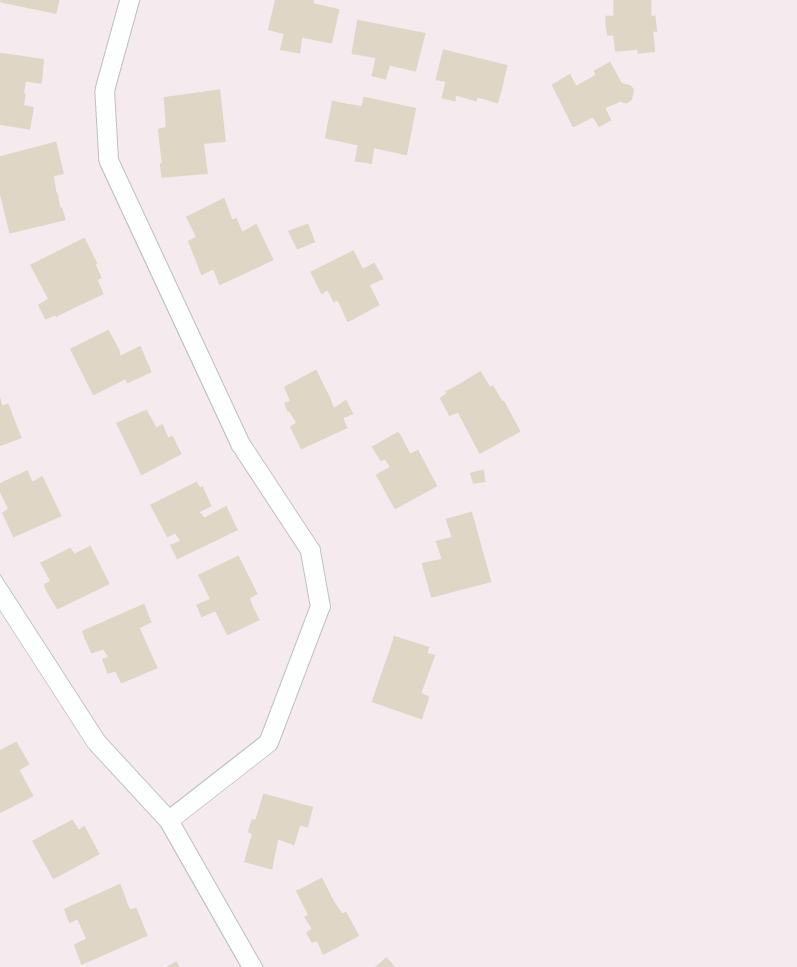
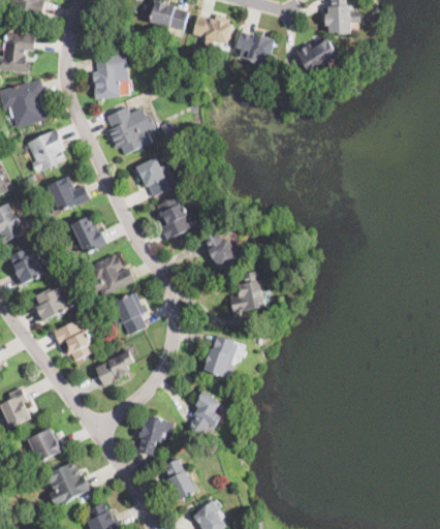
building: [324,96,417,165] -> none
building: [309,249,385,323] -> [133,157,172,195]
building: [438,370,522,455] -> none
building: none -> [94,350,134,385]
building: none -> [186,392,220,436]

